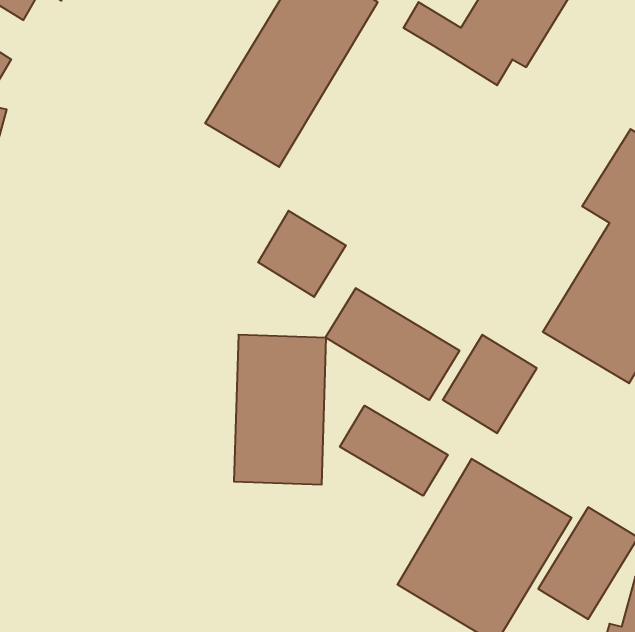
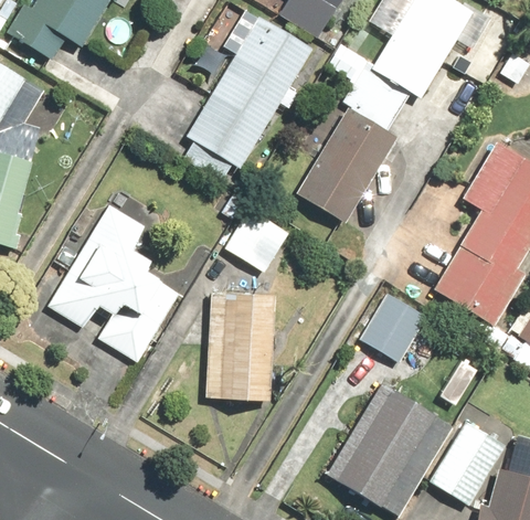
building: none -> [296,81,399,223]
building: none -> [47,204,179,362]
building: [326,288,459,400] -> none
building: [340,406,448,496] -> none

